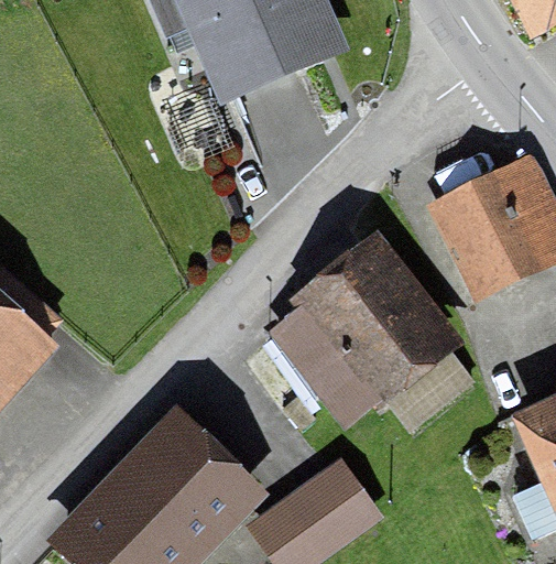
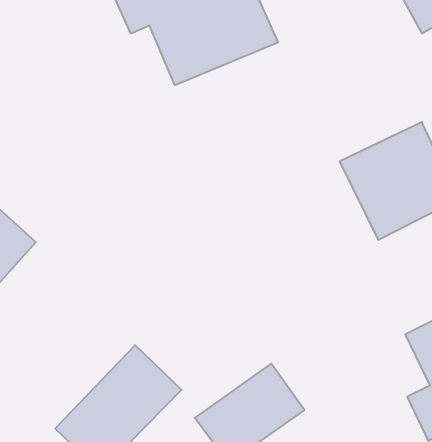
building: [269,232,476,431] -> none

